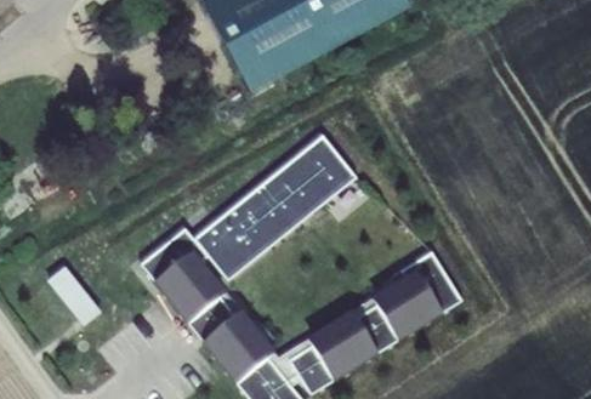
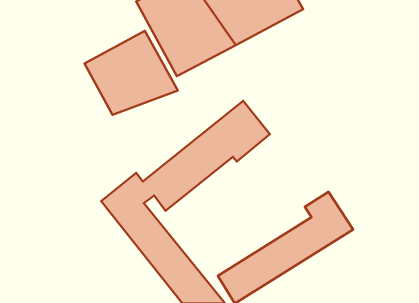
building: none -> [85,31,178,115]
building: [46,258,102,320] -> none

